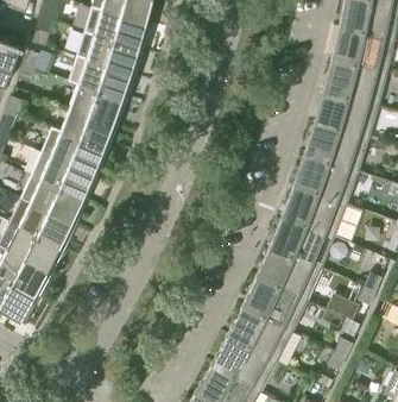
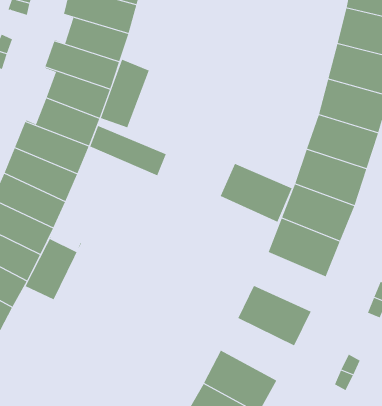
building: none -> [100,59,149,128]
building: none -> [90,125,167,176]
building: none -> [25,229,82,300]
building: [255,245,321,299] -> [220,163,292,223]
building: [226,304,292,360] -> none

